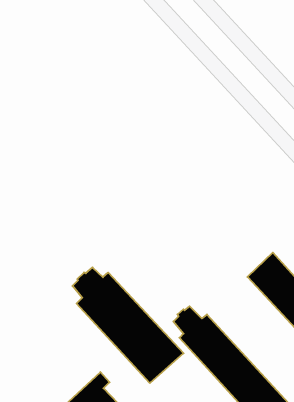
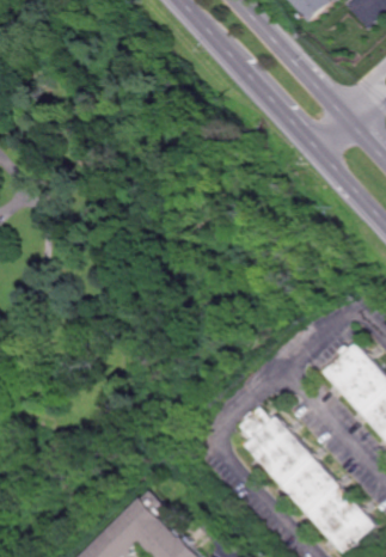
building: [72,267,184,383] -> none

